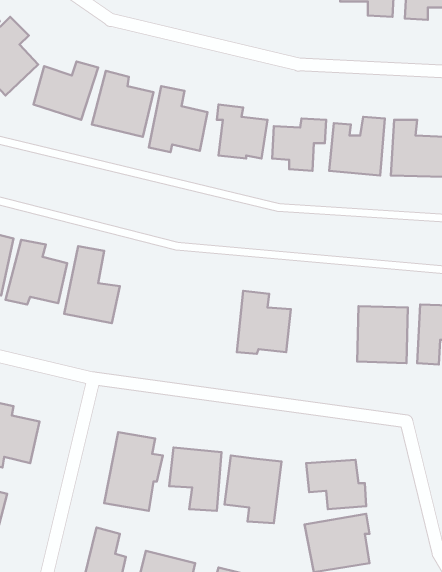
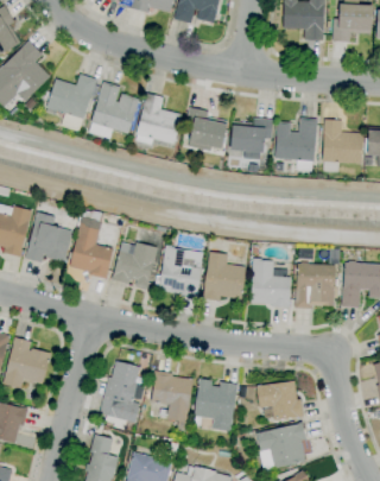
building: none -> [113,240,157,290]
building: none -> [159,247,203,297]
building: none -> [251,259,291,306]

